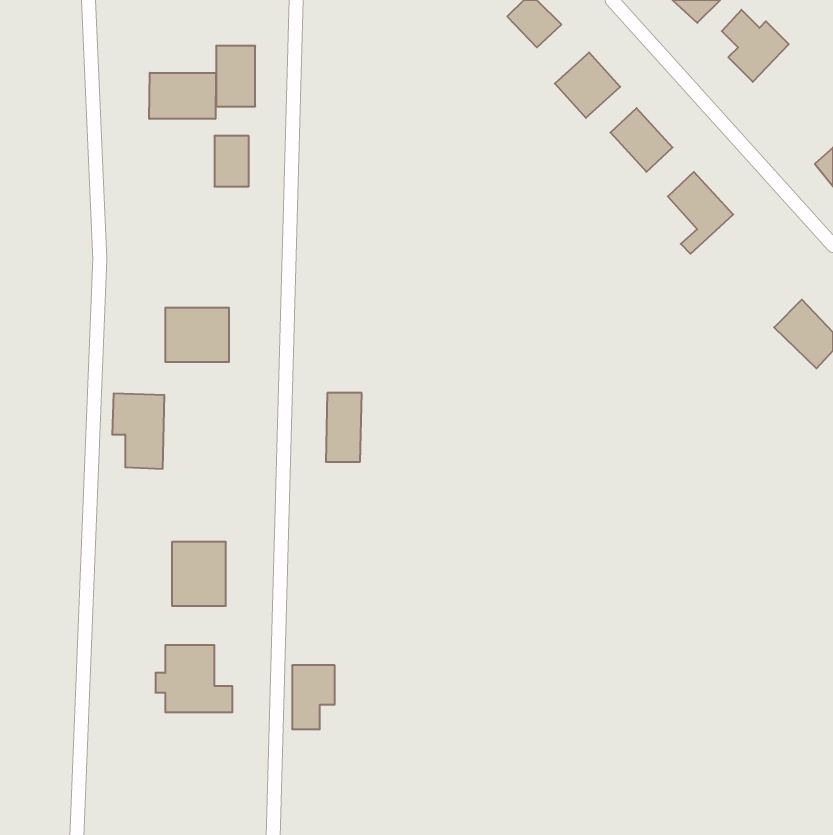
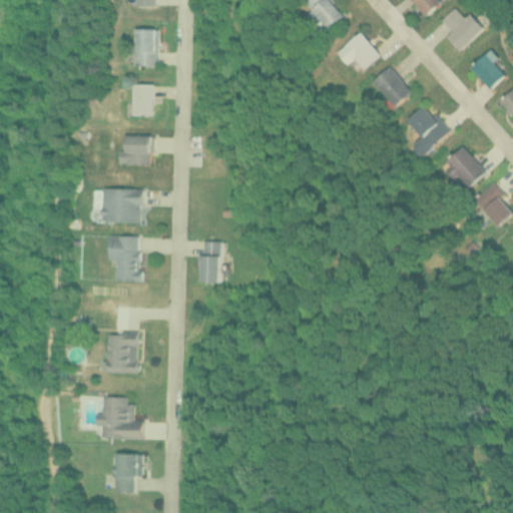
building: [149,73,216,119] -> none
building: none -> [472,50,506,89]
building: none -> [117,136,151,164]
building: none -> [446,147,484,188]
building: [112,393,164,469] -> [107,235,139,282]
building: [292,665,335,729] -> [115,452,141,491]

